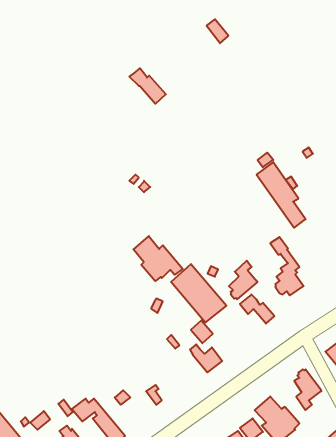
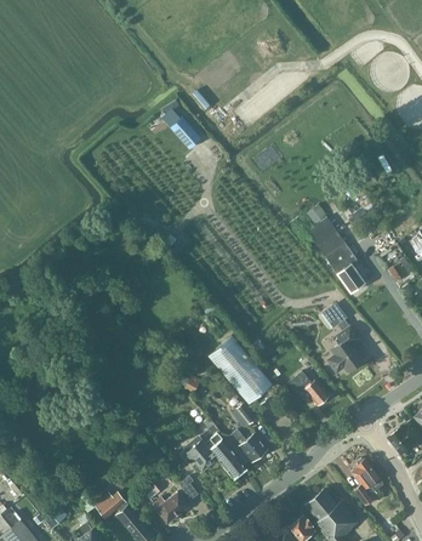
building: [133,236,183,281] -> none
building: [229,261,257,299] -> none
building: none -> [187,434,245,478]
building: none -> [148,492,188,523]

